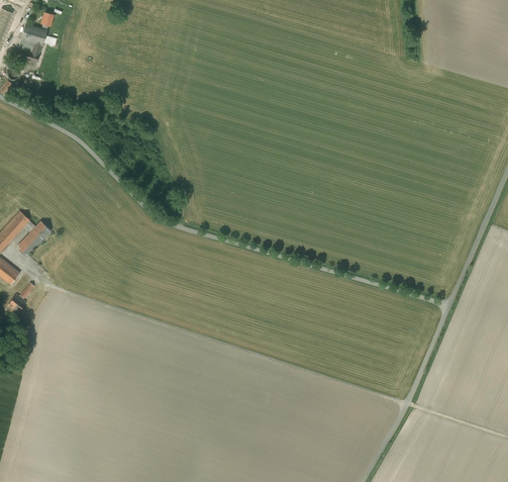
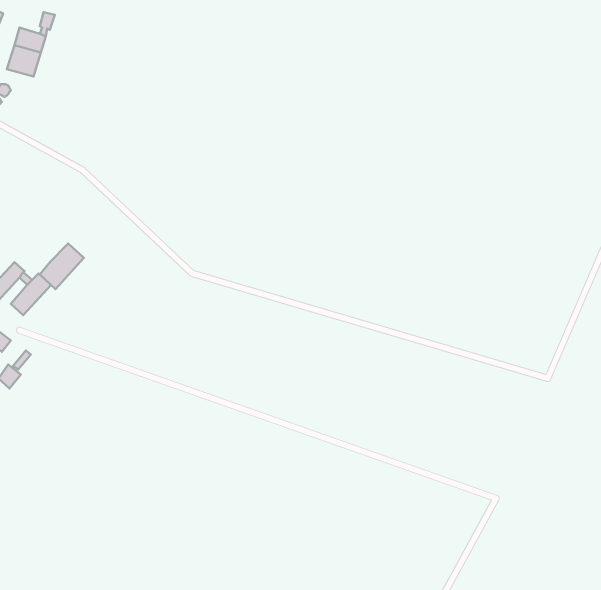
building: none -> [40,243,84,289]

